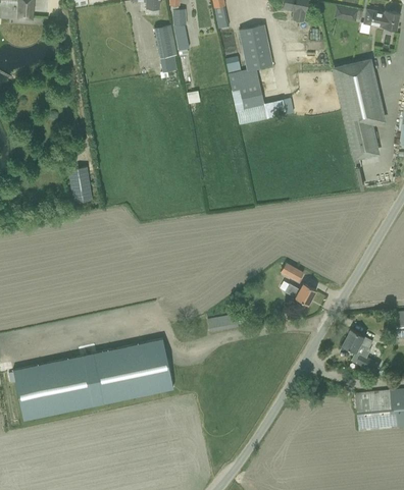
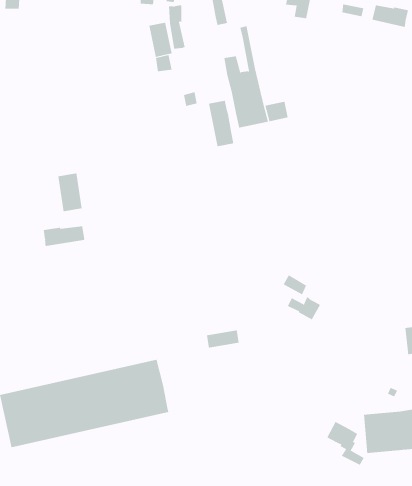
building: [247,23,271,67] -> [208,100,234,147]
building: [335,59,383,157] -> none
building: none -> [43,225,85,247]
building: [344,328,380,370] -> [327,421,365,466]

